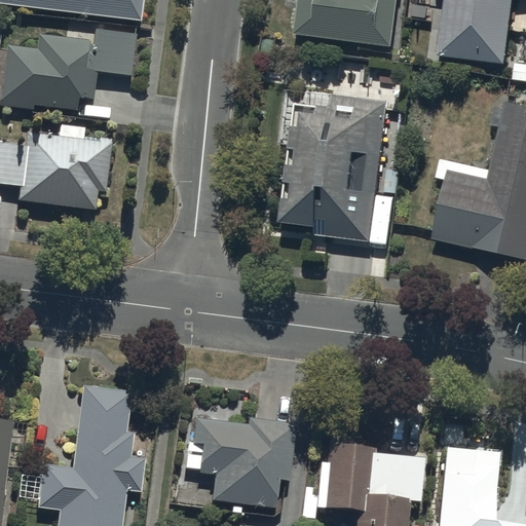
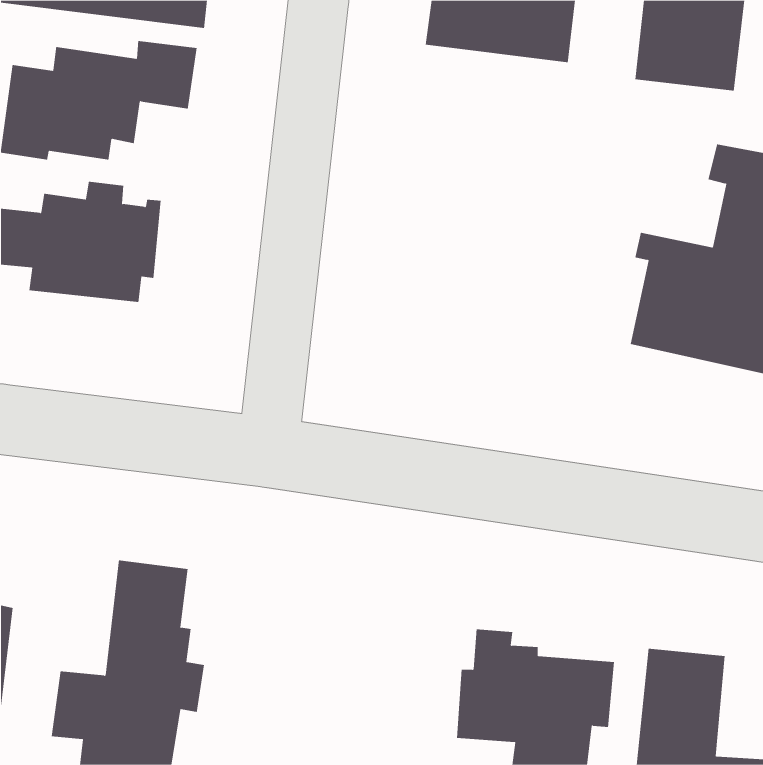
building: [279,95,386,242] -> none
building: [185,415,294,513] -> none

